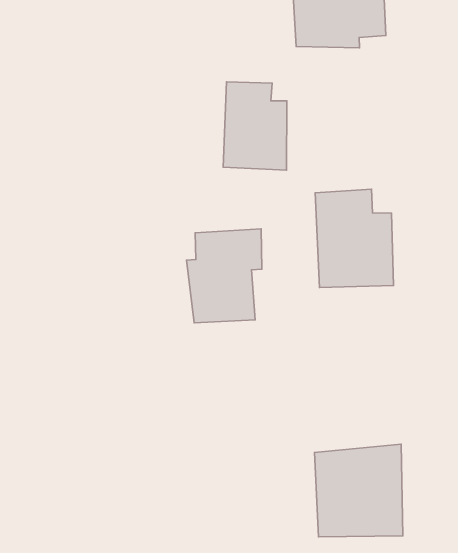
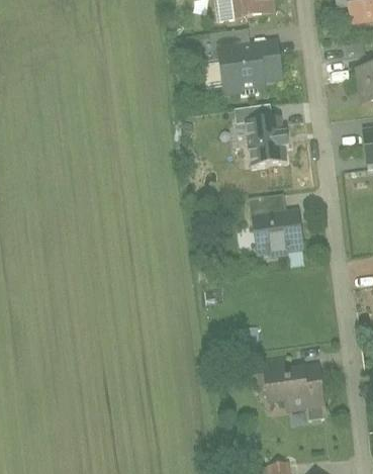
building: [223,82,287,170] -> [236,105,282,166]
building: [187,229,262,323] -> none

